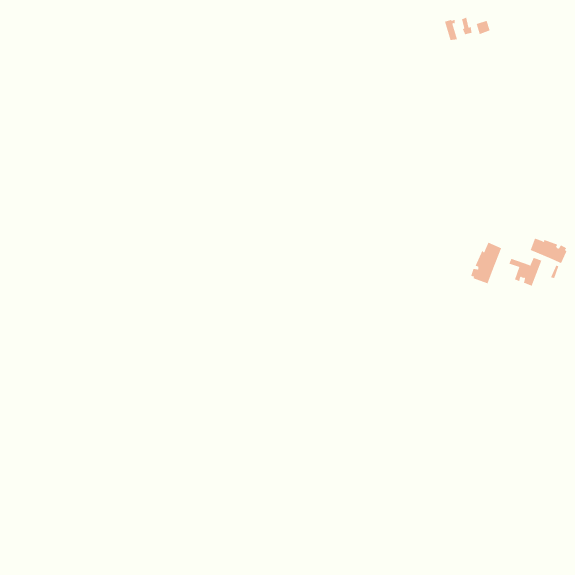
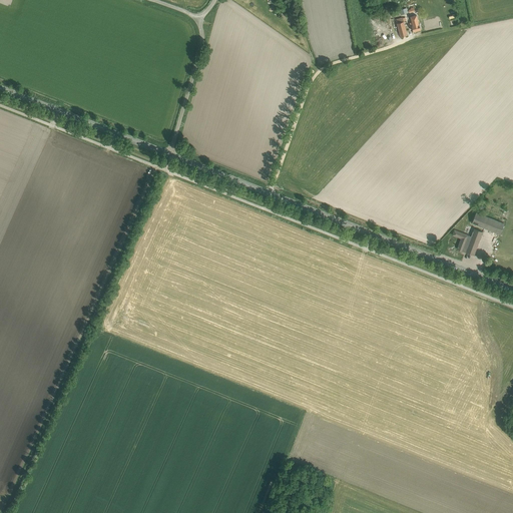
building: [471,242,502,284] -> none

